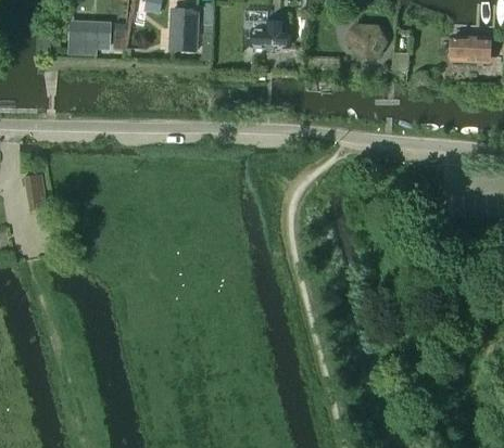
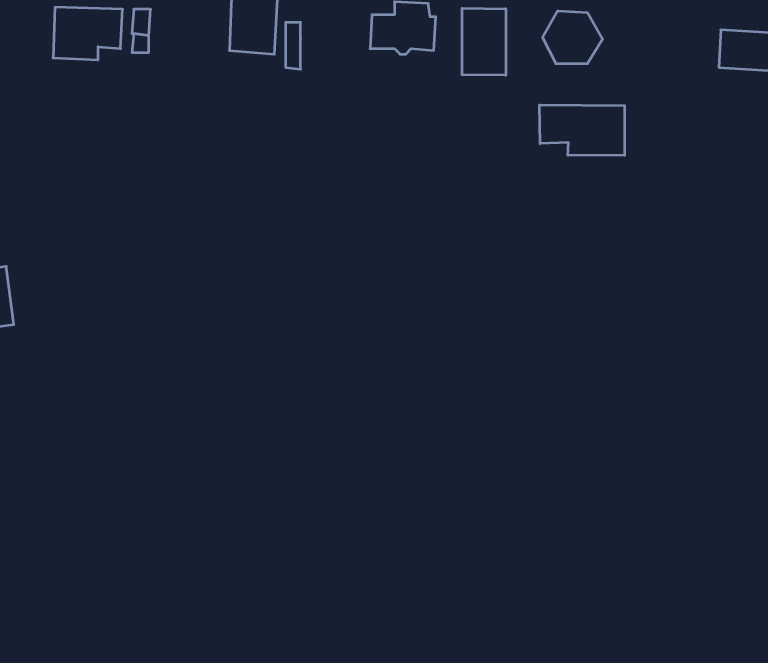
building: none -> [462,8,506,75]
building: none -> [540,105,625,155]

